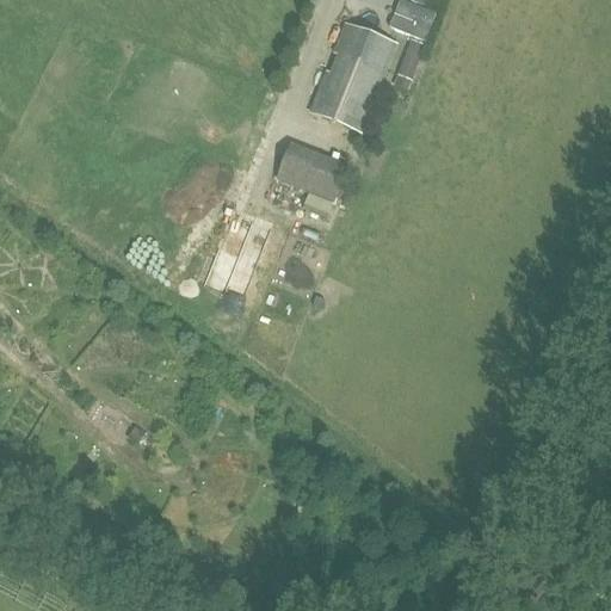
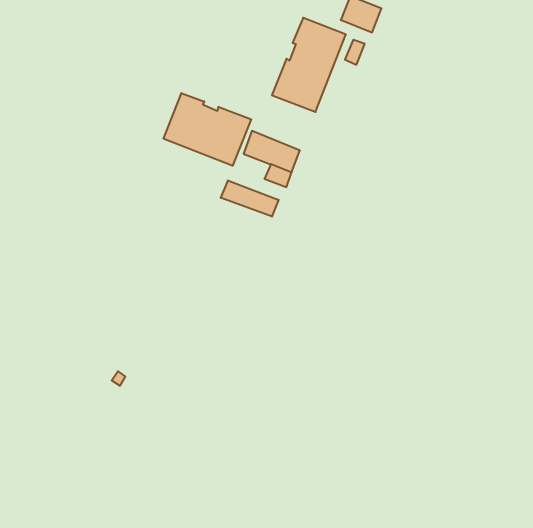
building: none -> [164,93,251,166]
building: none -> [221,180,279,217]

